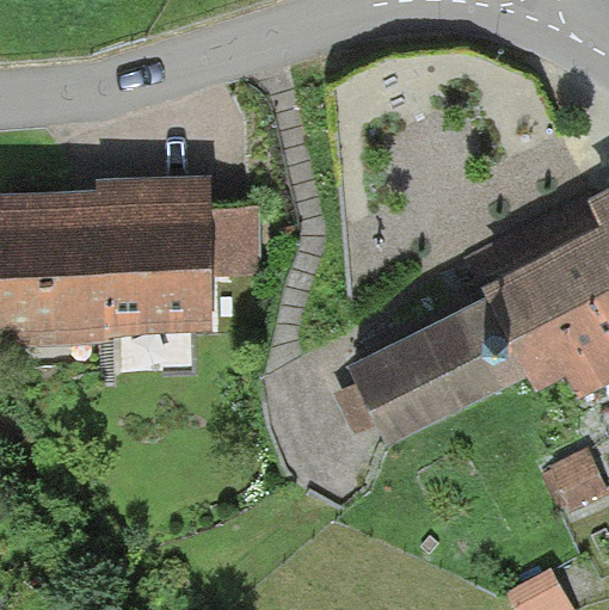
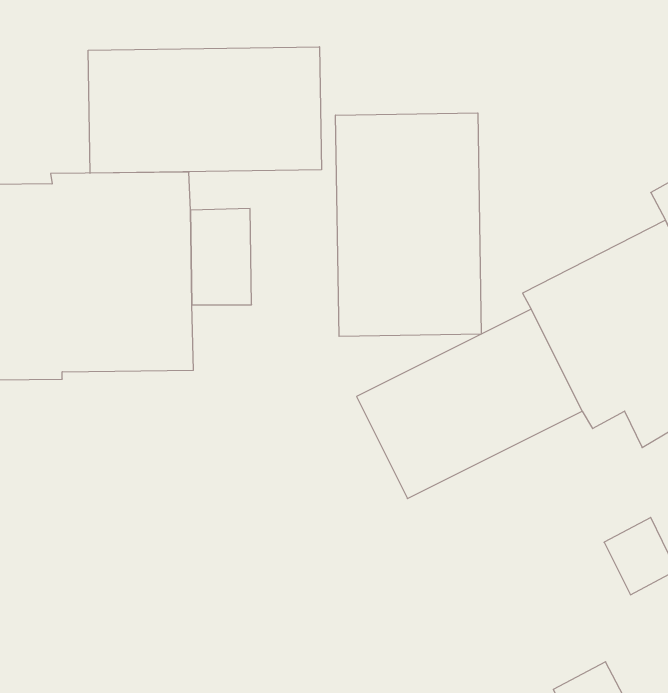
building: none -> [88,47,321,173]
building: none -> [336,113,481,336]

